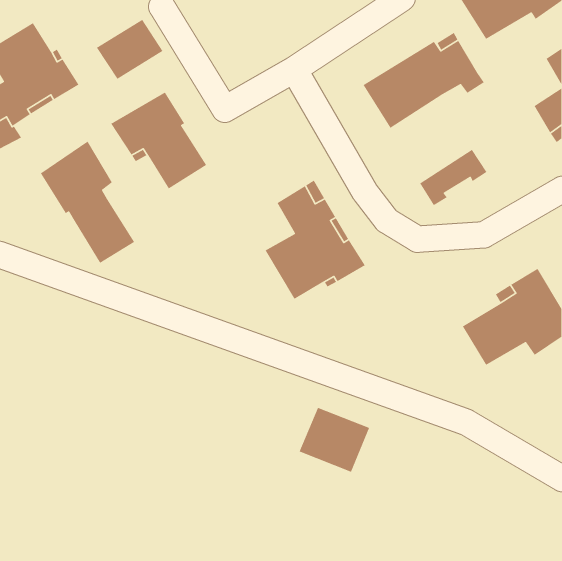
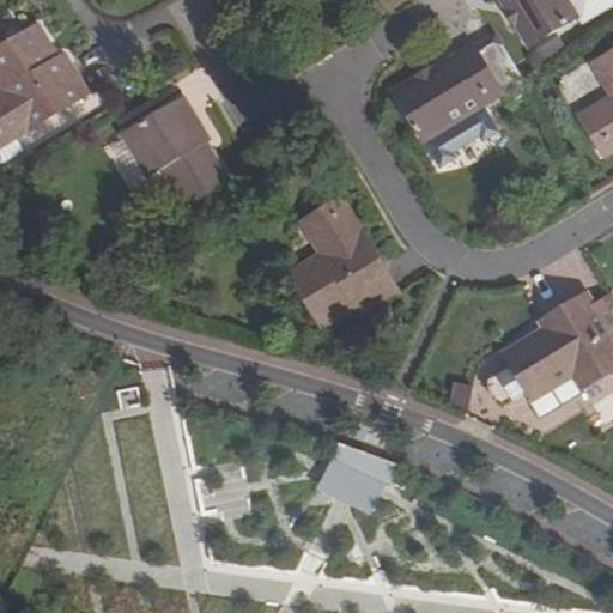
building: [96,19,163,80] -> none
building: [40,141,135,264] -> none
building: [419,149,488,206] -> [424,103,498,165]

